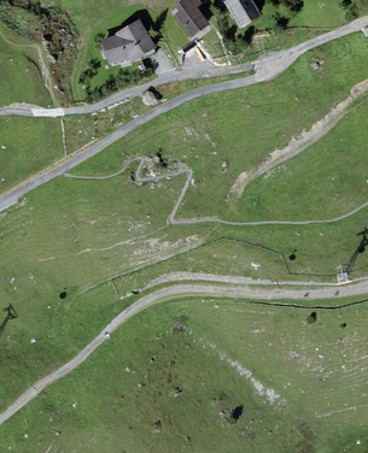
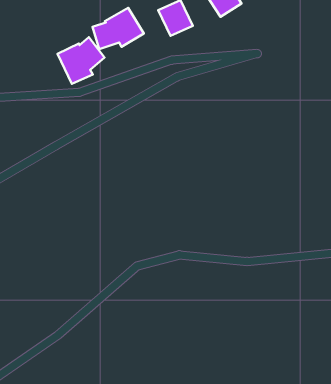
building: none -> [58,37,104,84]

